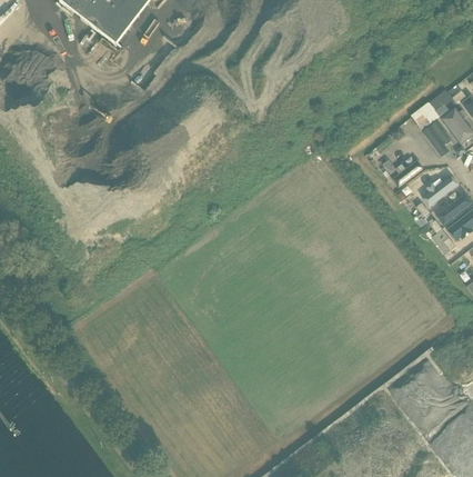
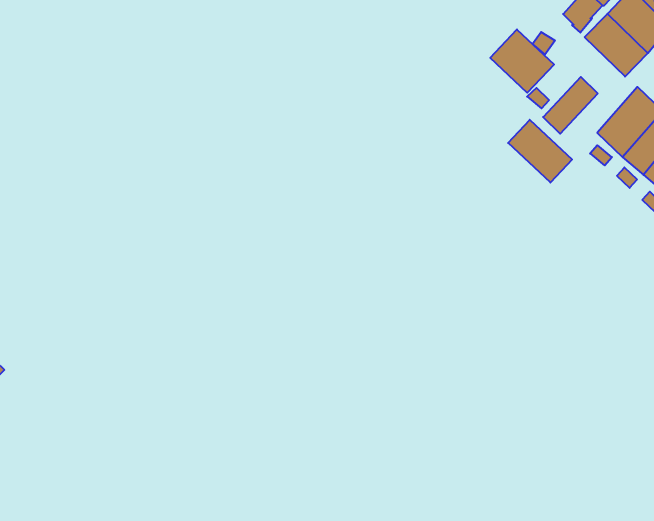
building: none -> [490,29,554,93]
building: none -> [508,120,572,183]

